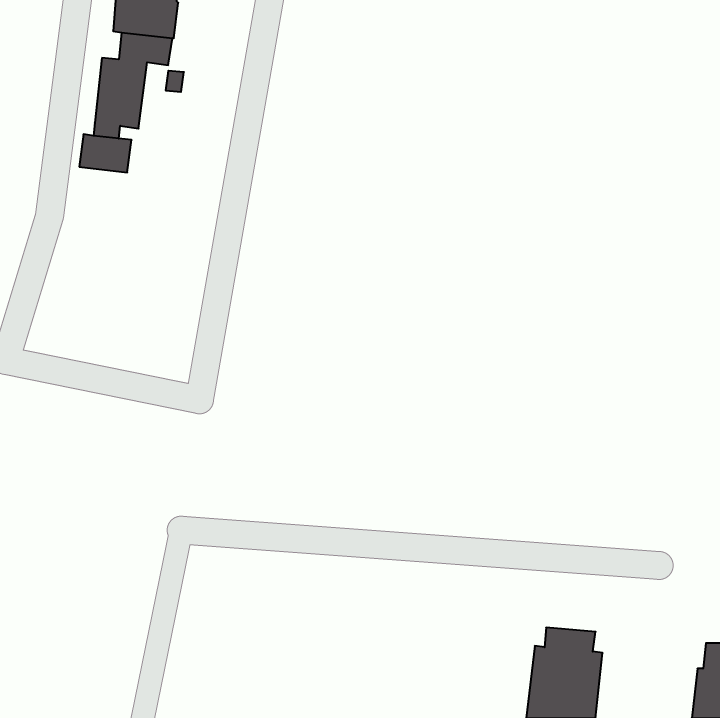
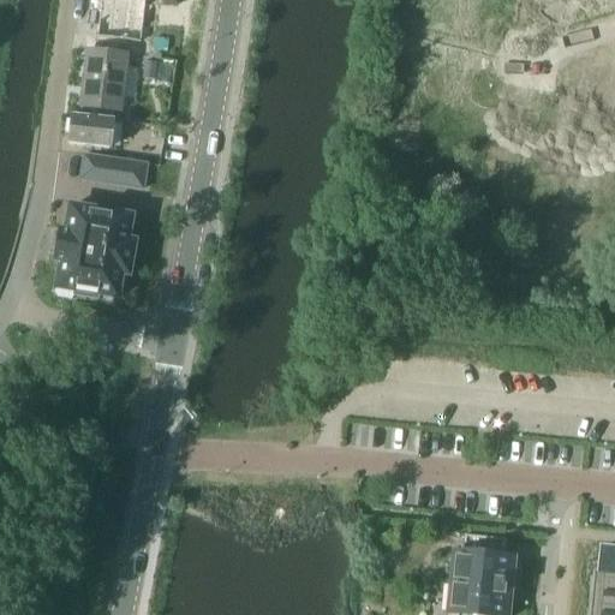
building: none -> [80,153,148,187]
building: none -> [55,203,136,298]

